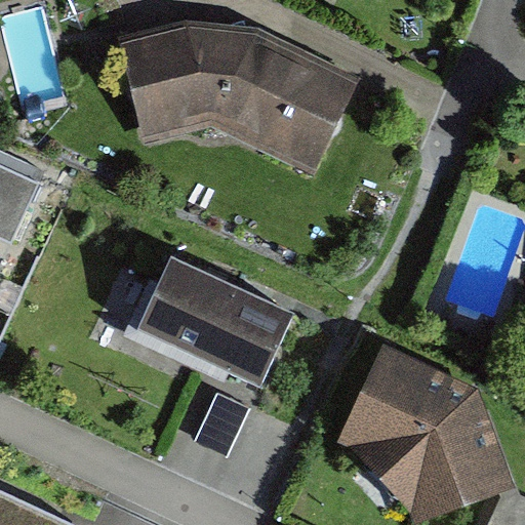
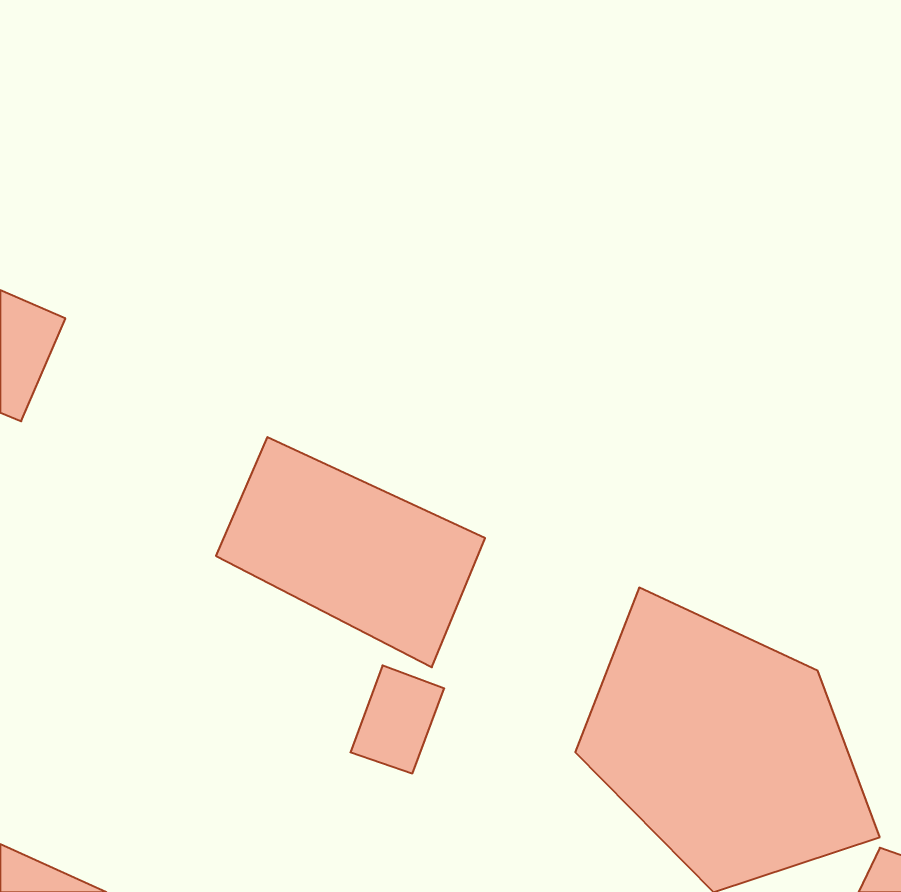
building: [128,33,356,168] -> none

